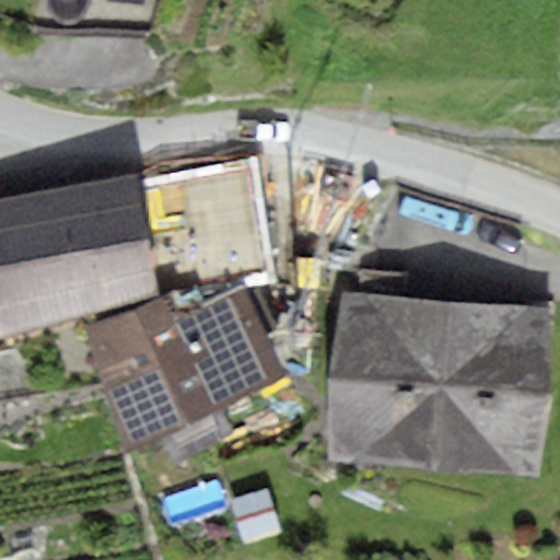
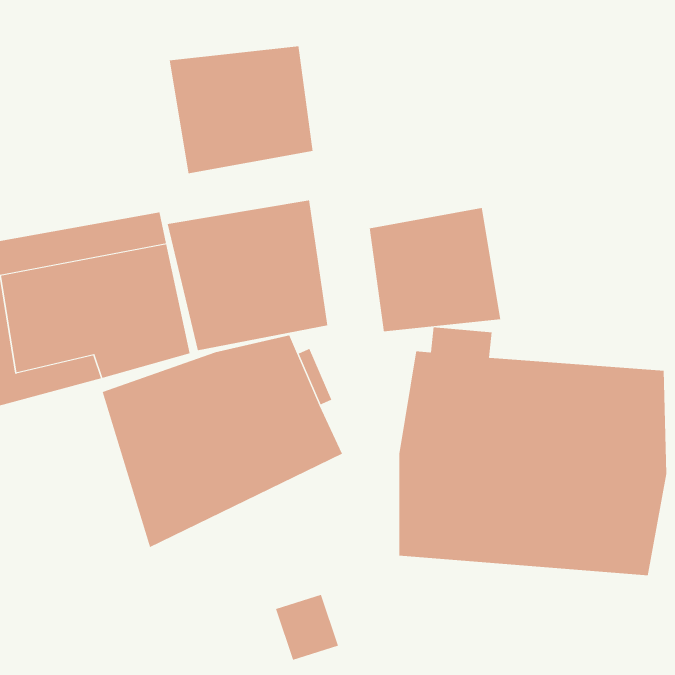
building: none -> [169,46,313,174]
building: none -> [369,207,501,332]

